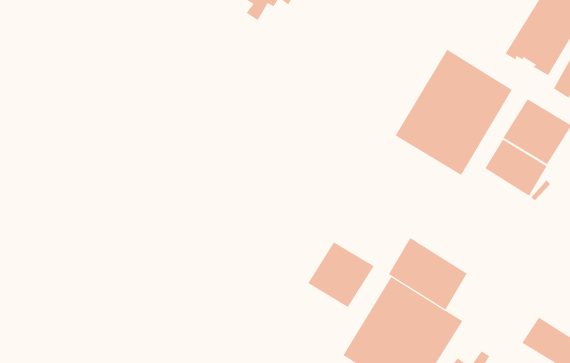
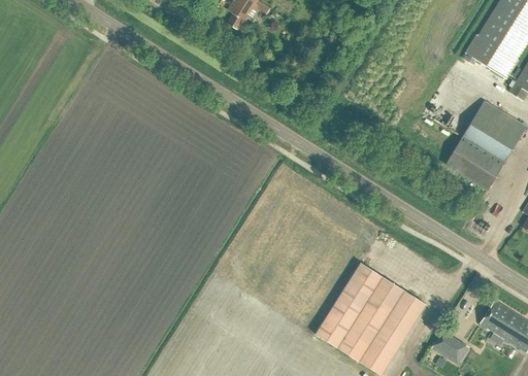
building: [395,49,513,176] -> none
building: [388,237,467,310] -> none
building: [307,241,374,308] -> none

